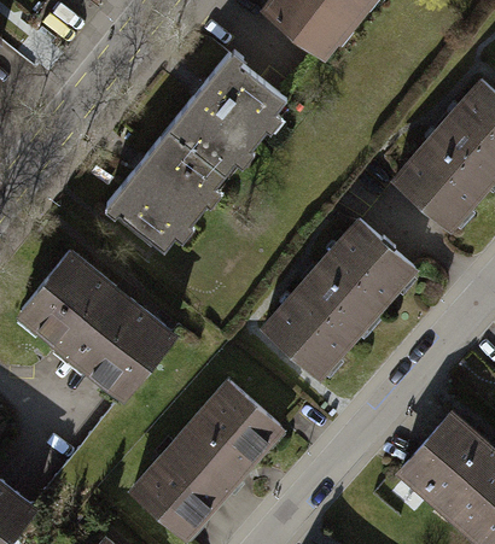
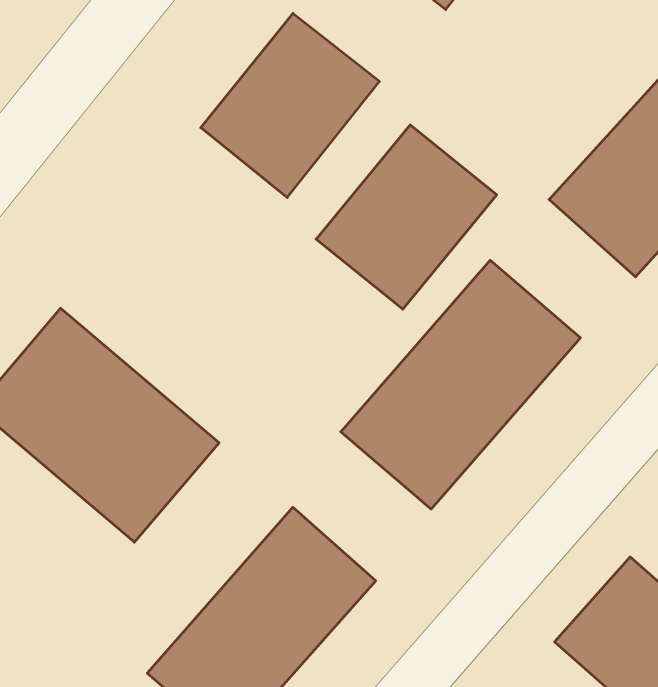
building: [106,133,225,253] -> [316,125,497,309]

